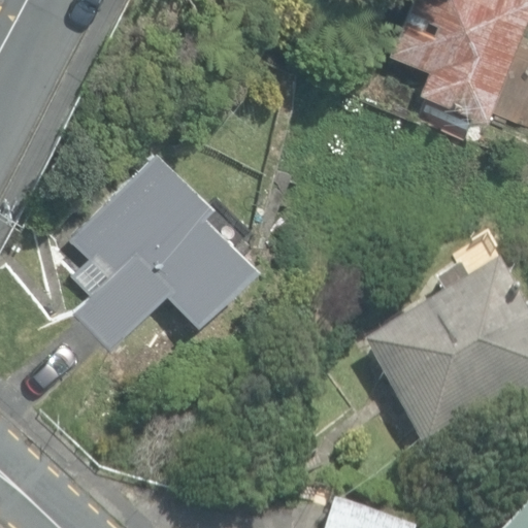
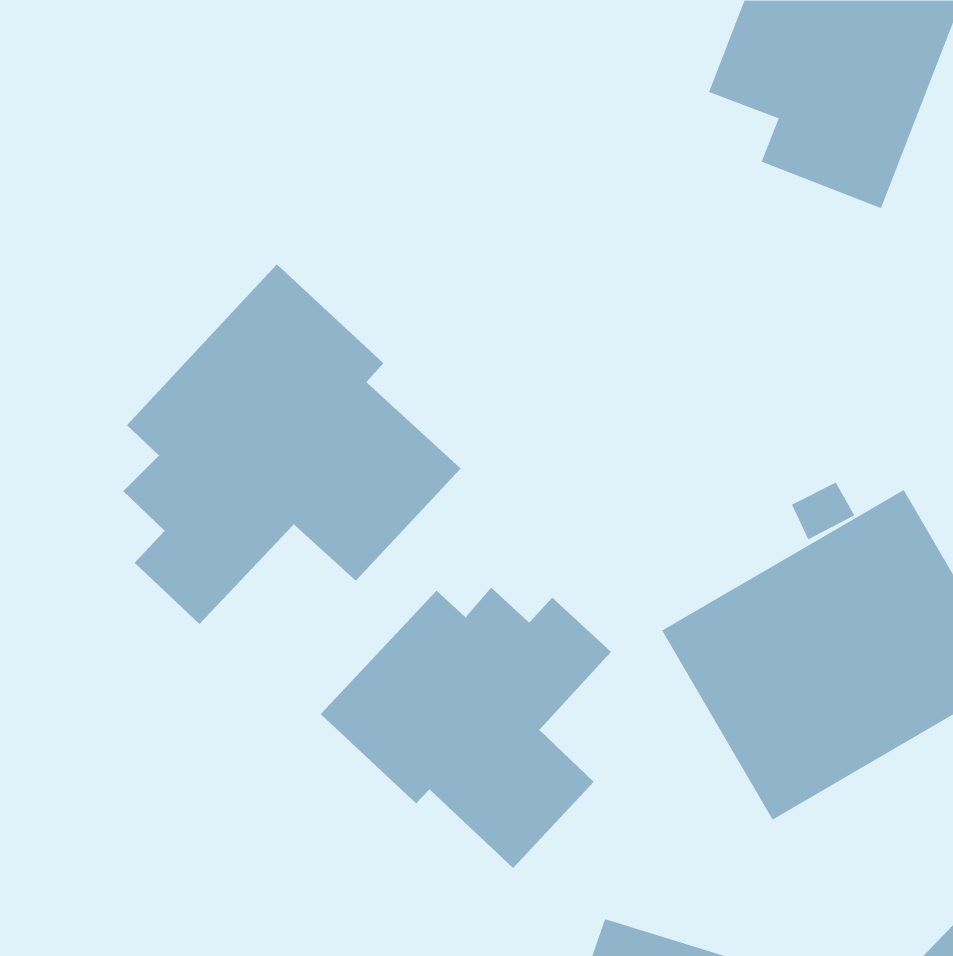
building: none -> [320,587,612,869]

